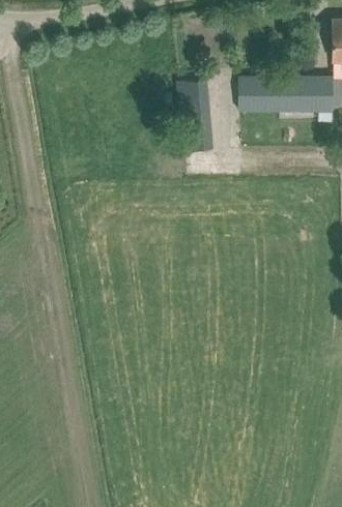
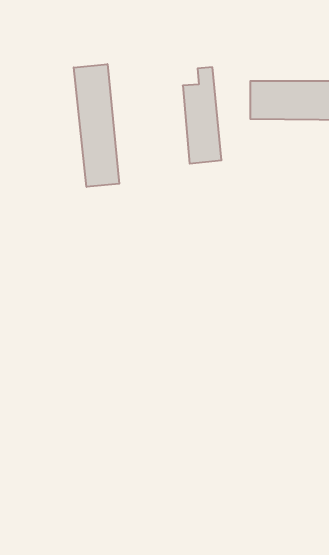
building: none -> [74,64,119,187]

